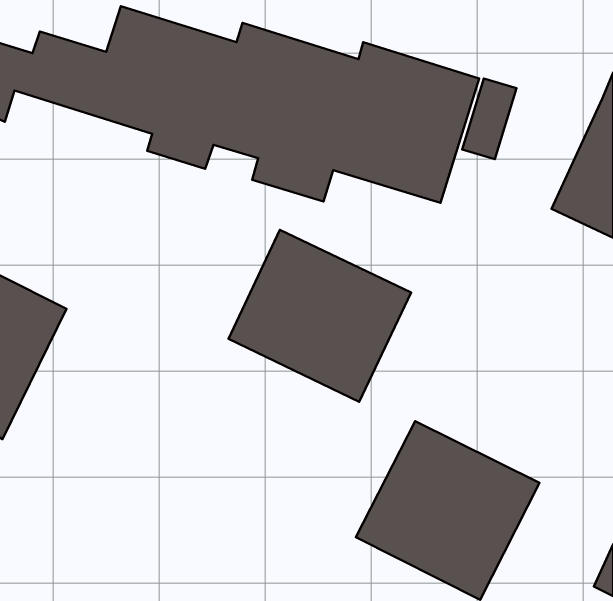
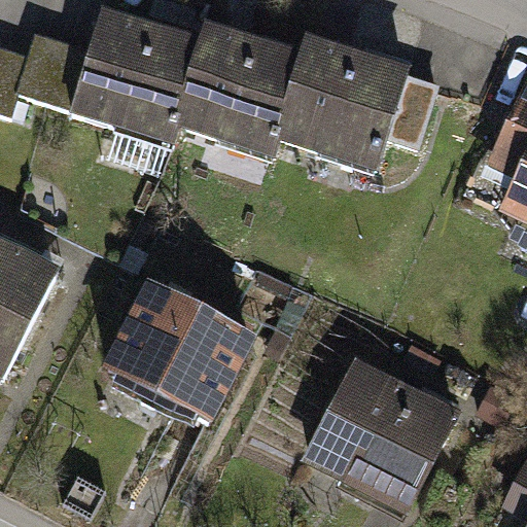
building: [229,230,411,402] -> none
building: none -> [103,287,256,434]

